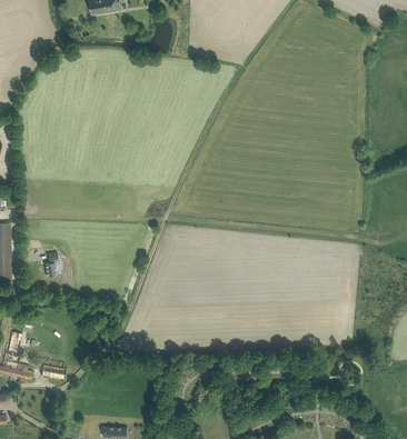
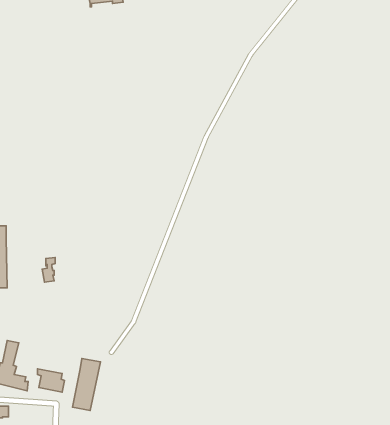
building: none -> [72,359,101,410]

